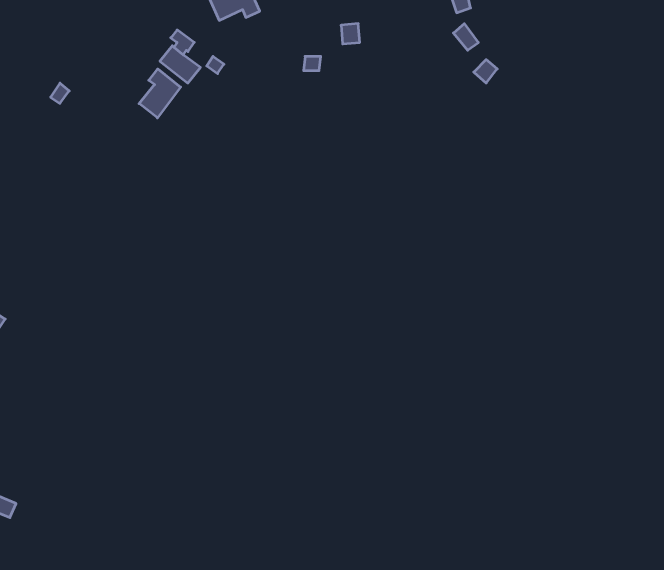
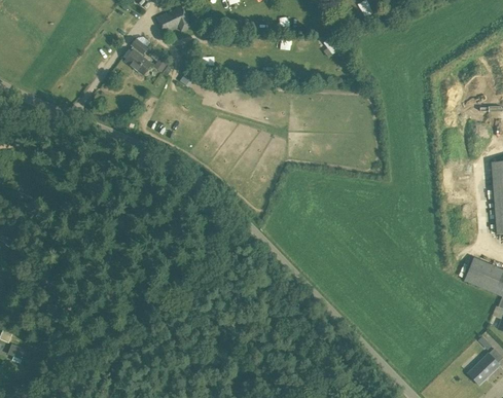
building: [139,69,181,118] -> none

